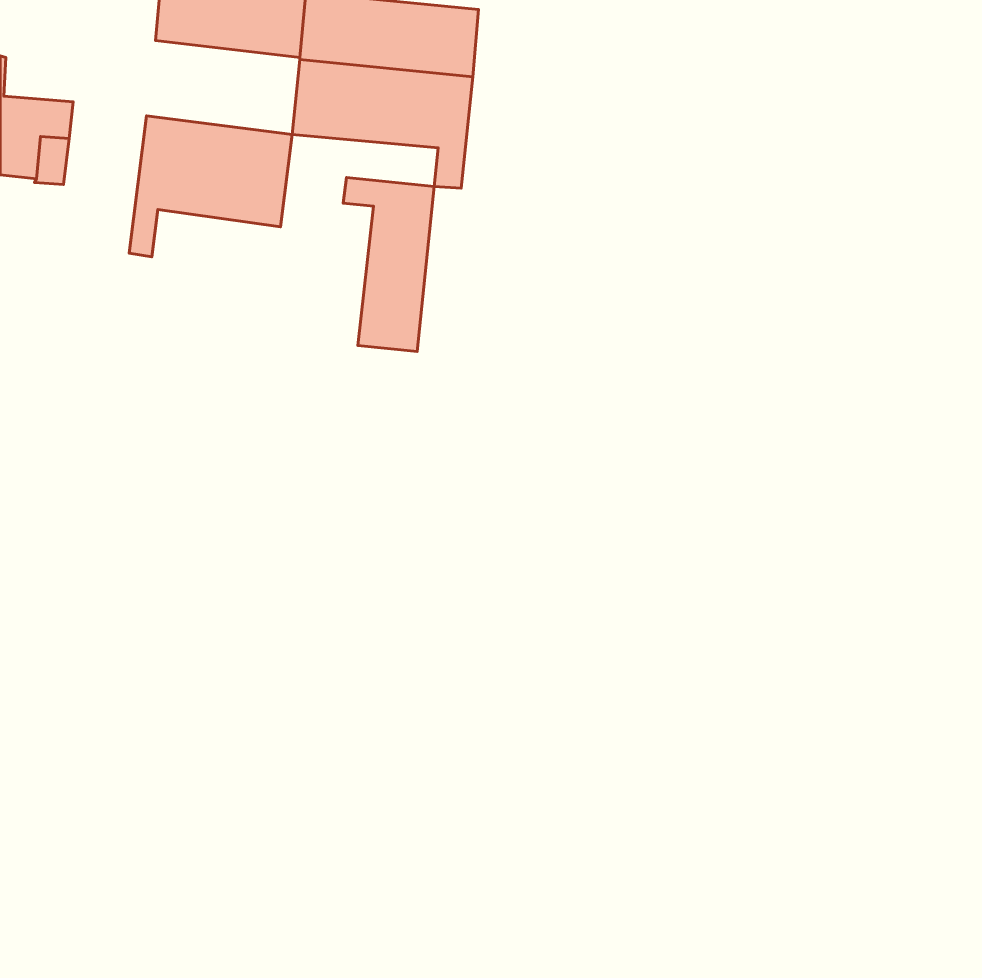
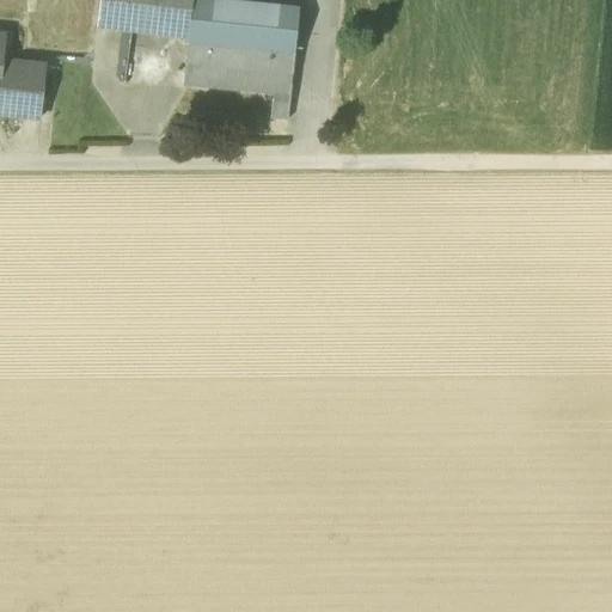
building: [129,116,292,257] -> none
building: [343,177,434,352] -> none

